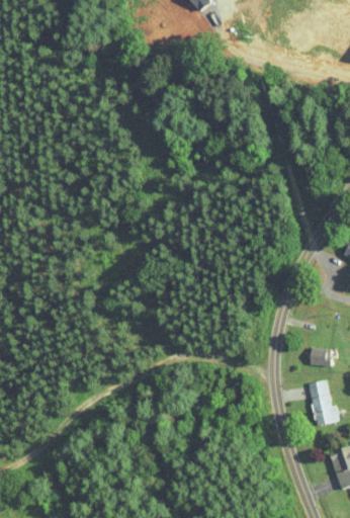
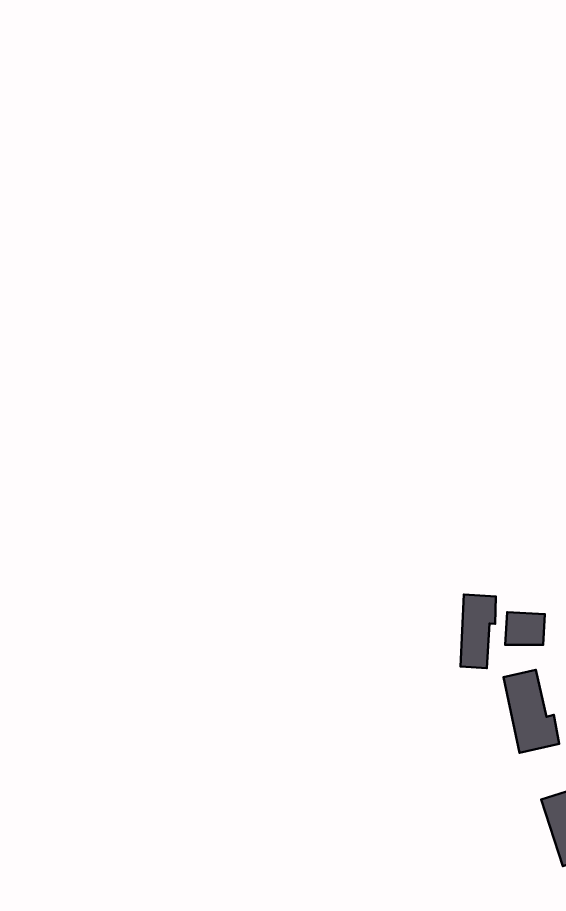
building: none -> [460,595,496,668]

